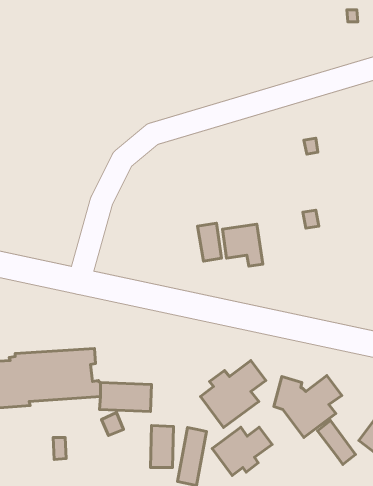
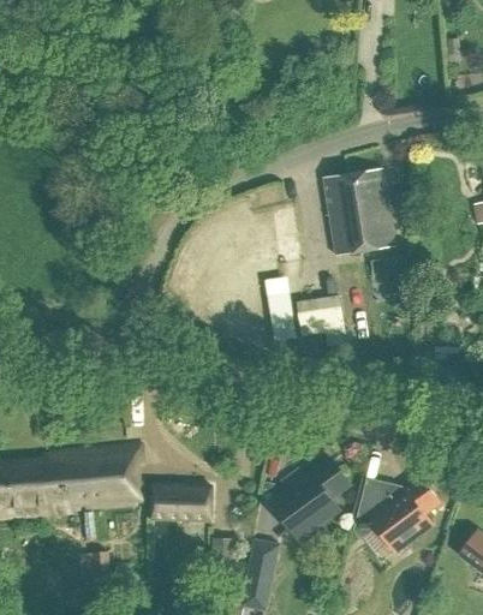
building: none -> [324,167,394,255]
building: [318,421,356,464] -> none
building: [212,427,272,475] -> none

